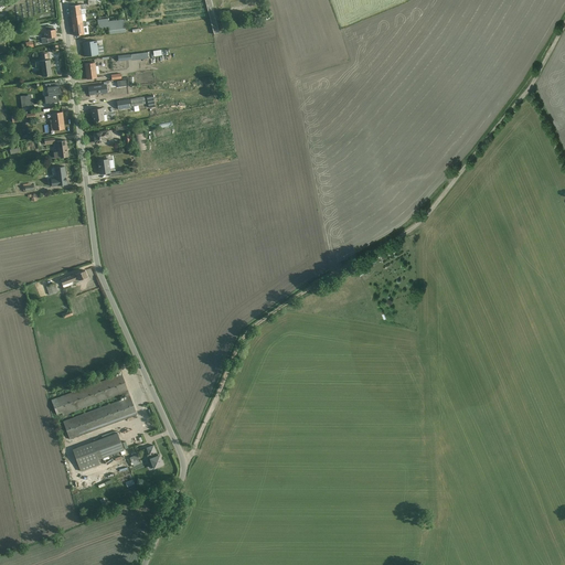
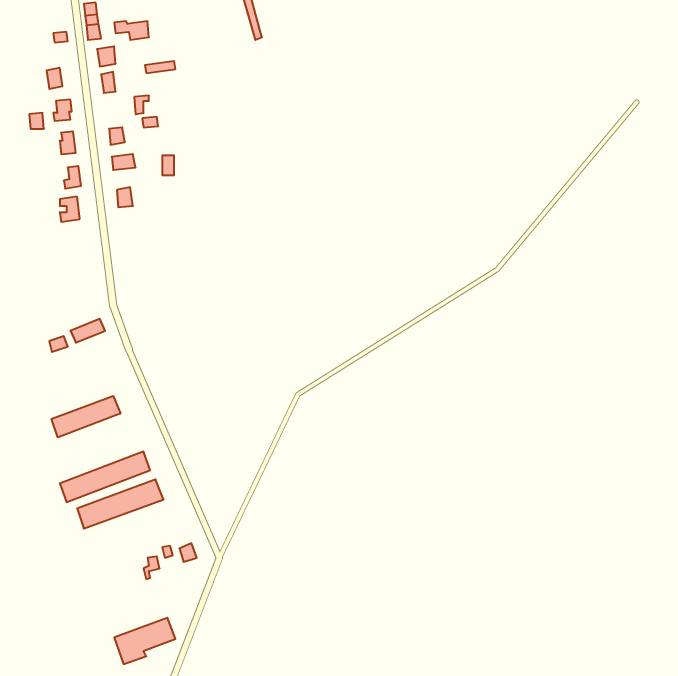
building: none -> [51,396,120,437]
building: [74,434,125,472] -> [114,618,175,664]

